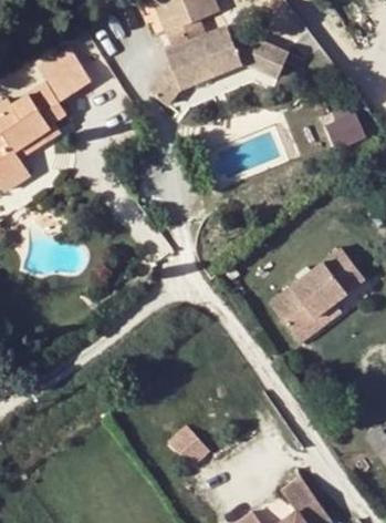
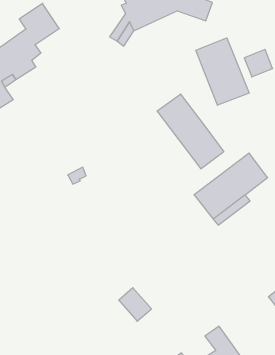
building: none -> [196,38,249,105]
building: none -> [157,94,224,169]

